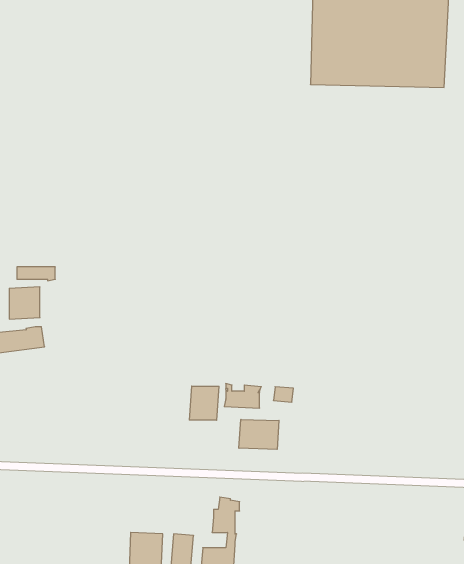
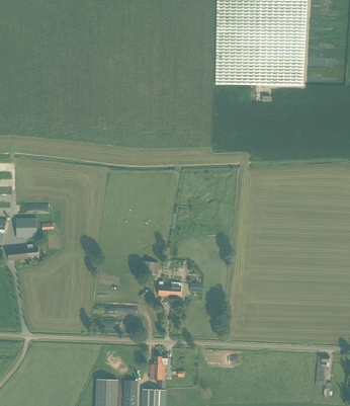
building: [189,386,219,420] -> none
building: [239,419,279,449] -> none

